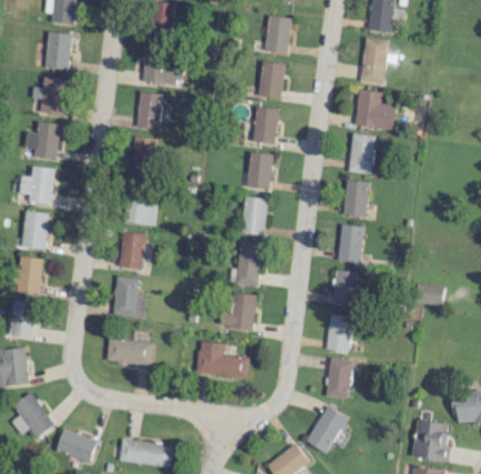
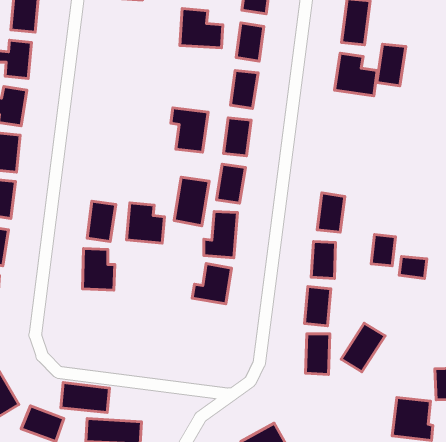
building: [143,47,184,84] -> [180,9,223,48]
building: [136,91,163,129] -> none
building: [349,133,377,173] -> [377,44,406,86]
building: [130,137,157,174] -> none
building: none -> [171,108,208,152]
building: [344,180,370,216] -> none
building: [126,185,163,224] -> [126,203,165,243]
building: none -> [174,177,209,226]
building: none -> [371,235,396,266]
building: [105,337,152,366] -> [61,382,110,412]
building: [195,342,247,379] -> none
building: [305,406,347,453] -> [341,323,385,372]

